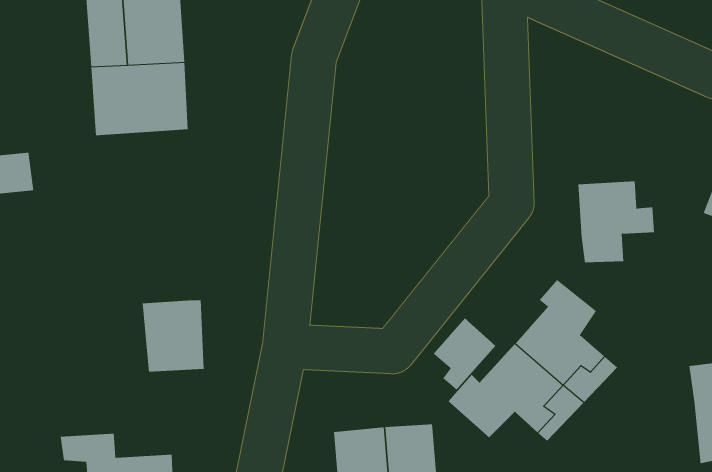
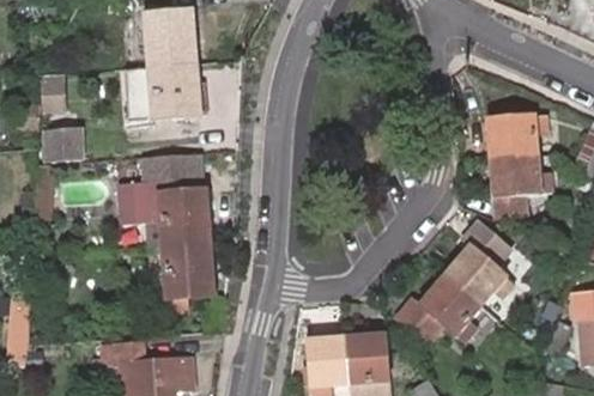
building: none -> [487,114,544,156]
building: none -> [125,153,210,244]
building: [433,317,496,391] -> none

